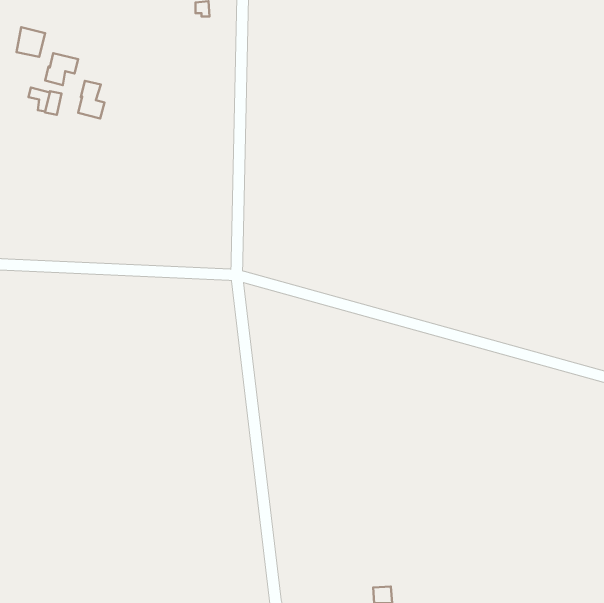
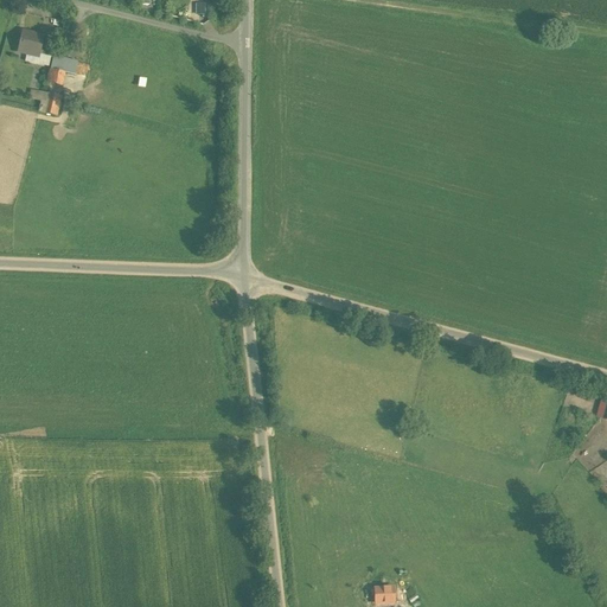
building: [78,81,104,119] -> none

